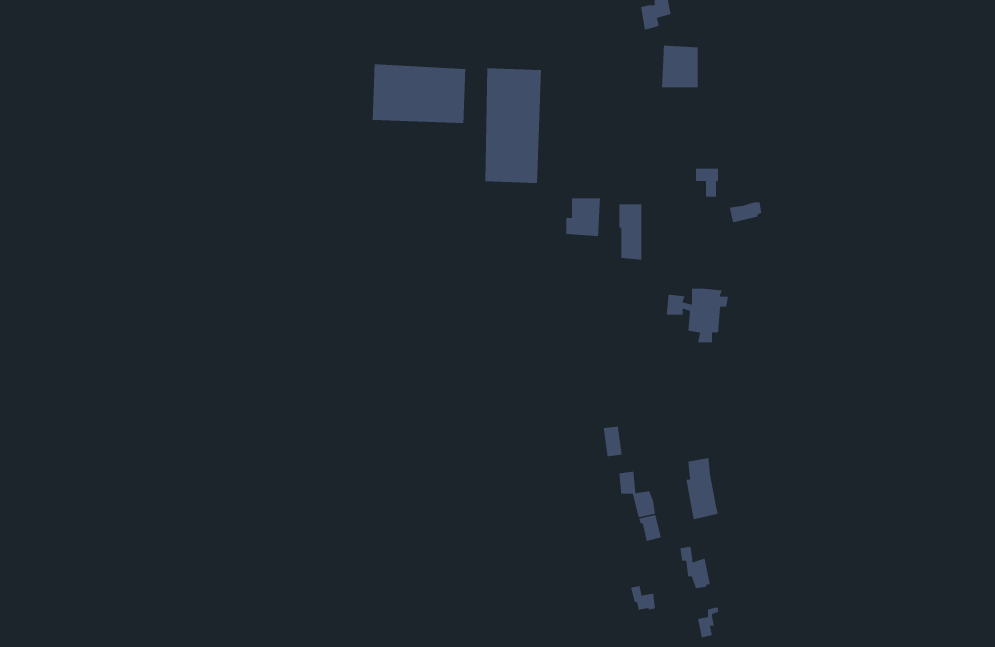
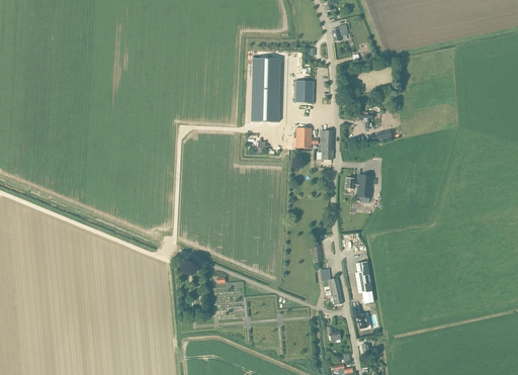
building: [661,45,699,88] -> [294,80,314,102]
building: [372,63,466,124] -> none

